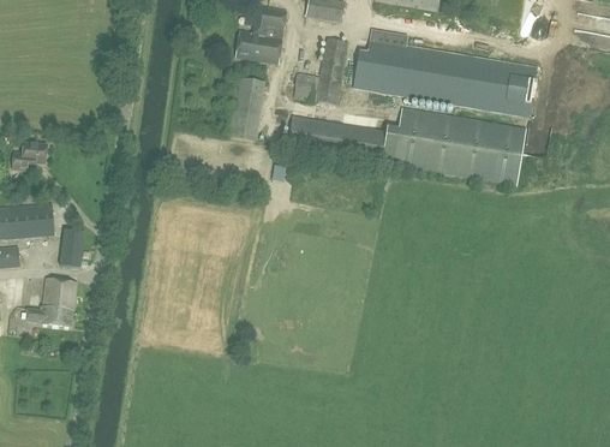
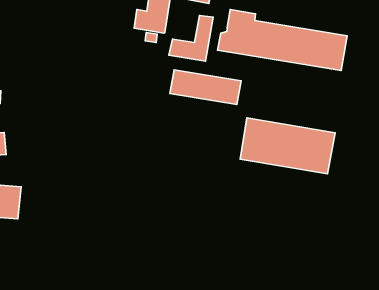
building: [226,76,264,139] -> none
building: [393,106,527,185] -> [240,118,335,174]
building: [60,227,85,267] -> none

